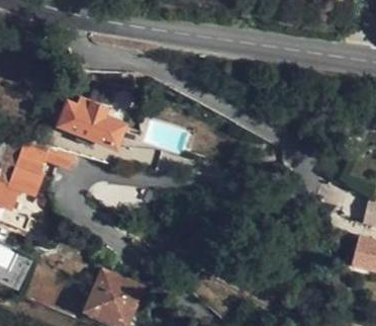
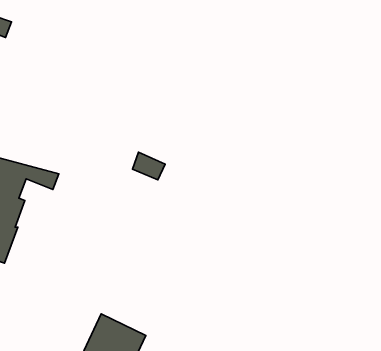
building: [58,102,123,148] -> none

